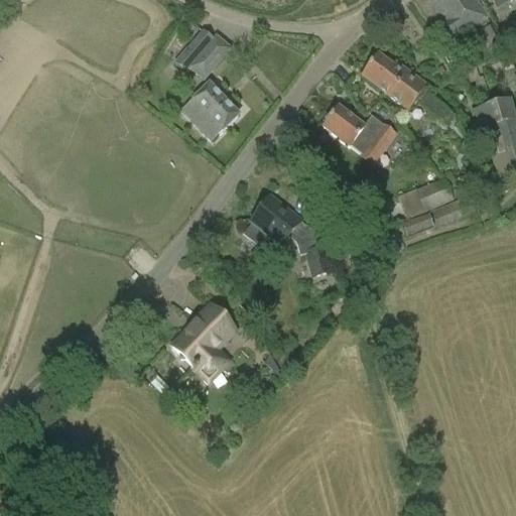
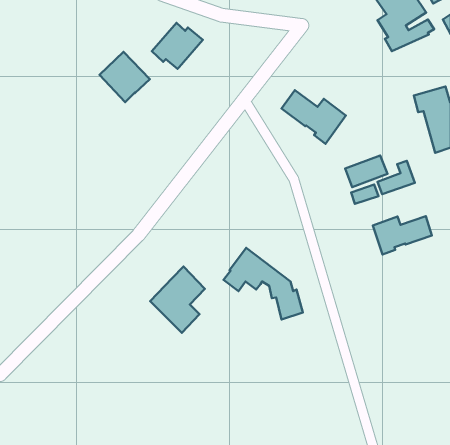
building: [361,50,454,120] -> none
building: [181,81,239,138] -> [100,52,150,102]
building: [244,195,335,276] -> [223,248,303,319]
building: none -> [373,216,432,255]

